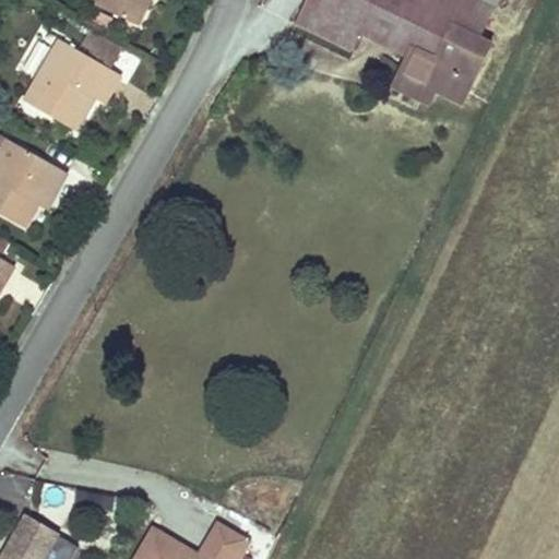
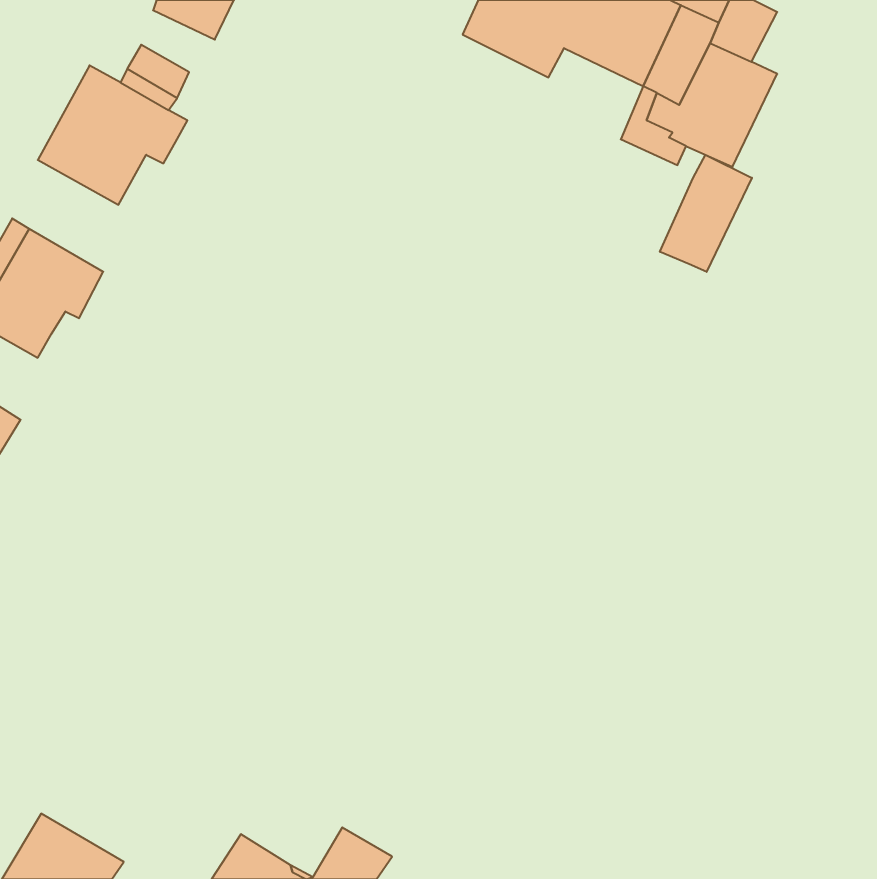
building: none -> [660,155,752,272]

